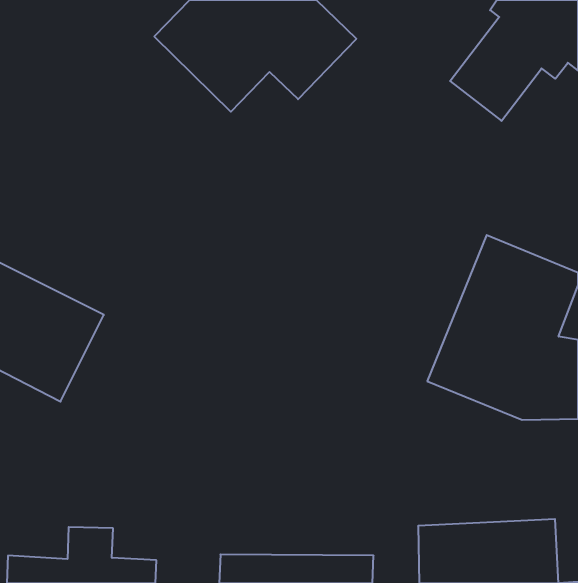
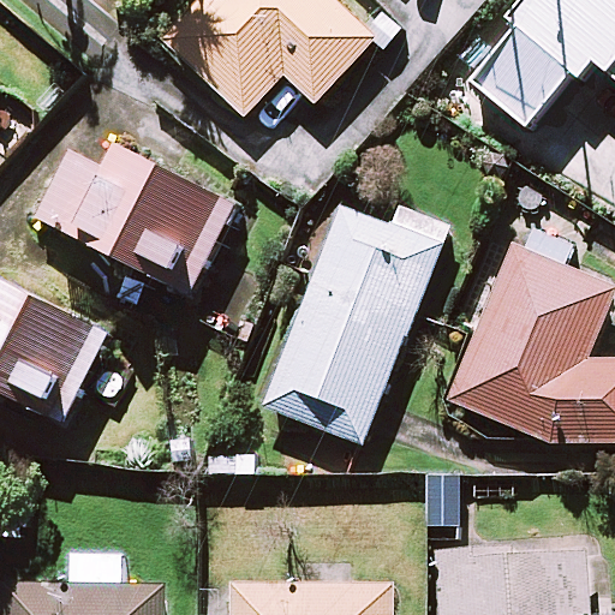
building: none -> [37,144,235,295]
building: none -> [264,208,447,444]

